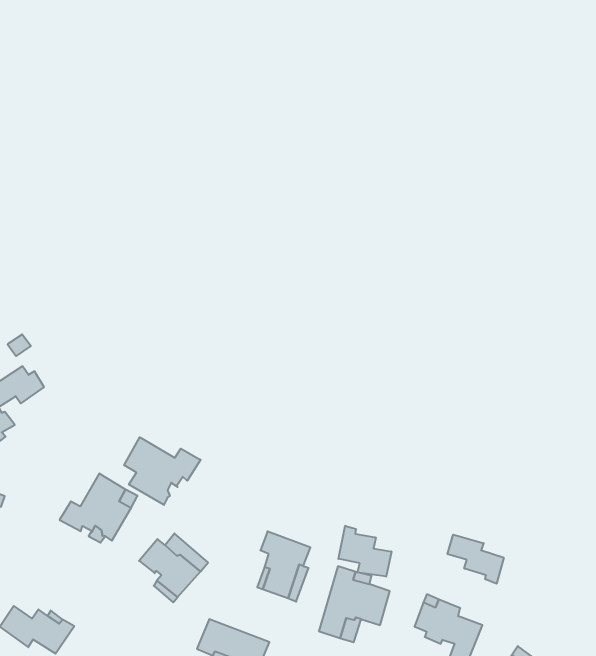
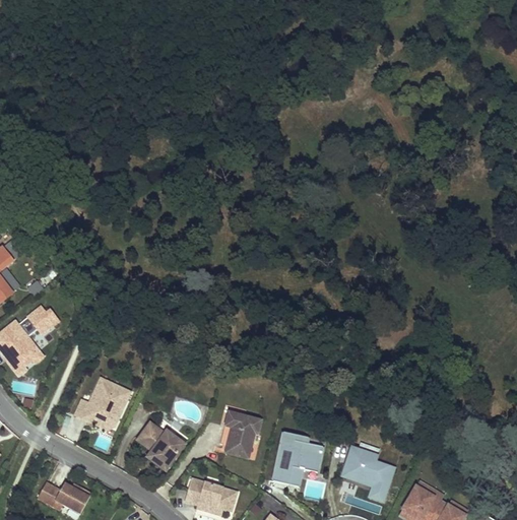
building: [124,437,201,505] -> none
building: [338,526,391,577] -> none
building: [448,535,504,584] -> none

